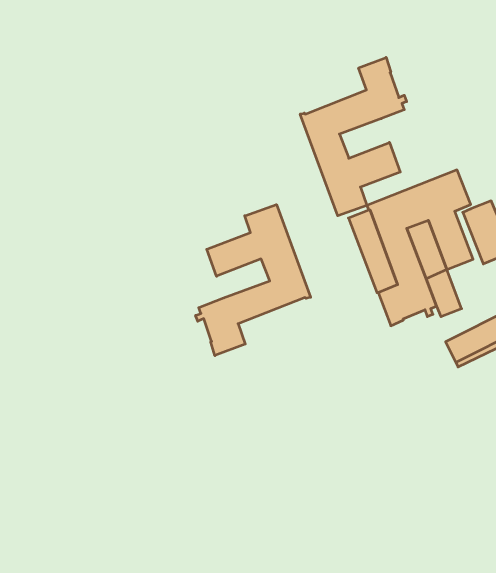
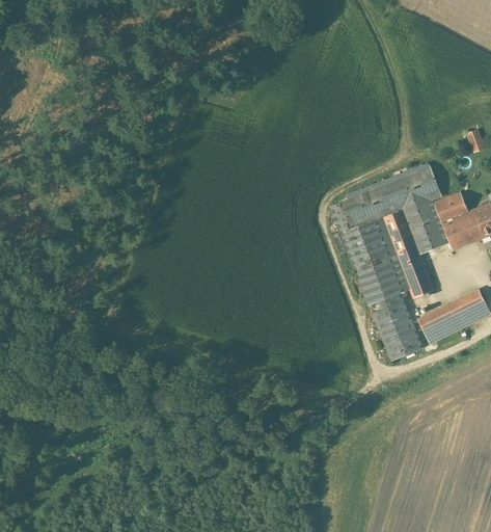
building: [300,57,407,216] -> none
building: [196,205,311,356] -> none
building: none -> [372,298,424,361]

